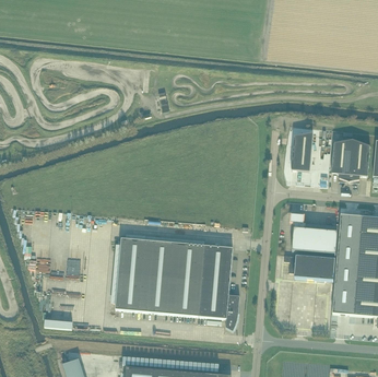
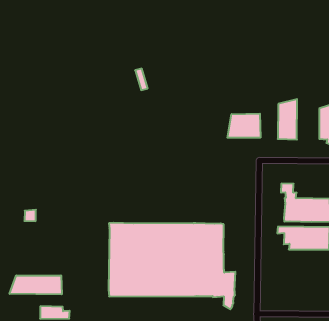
building: none -> [227,114,260,138]
building: none -> [10,275,62,294]

